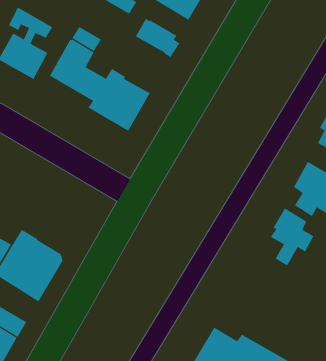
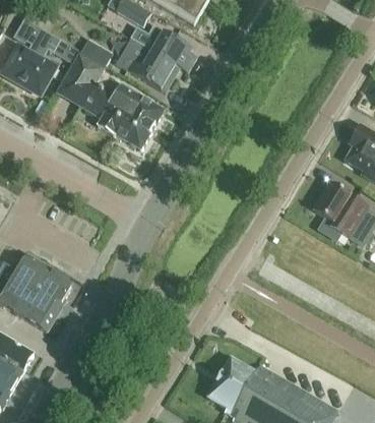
building: none -> [115,38,176,92]
building: [270,208,314,267] -> none

